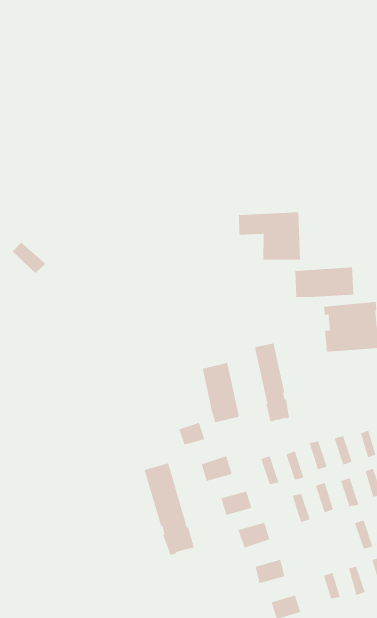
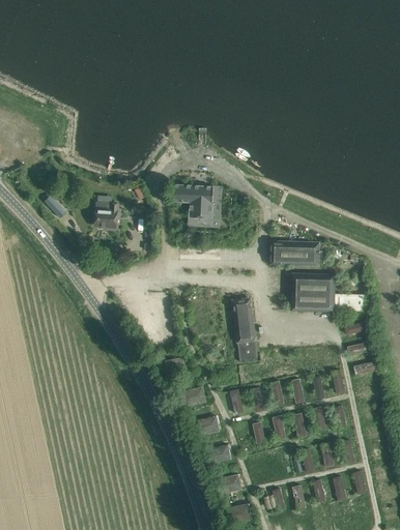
building: [238,212,301,260] -> [171,184,222,226]
building: none -> [95,202,119,227]
building: [202,362,239,423] -> none
building: [144,462,195,555] -> none

